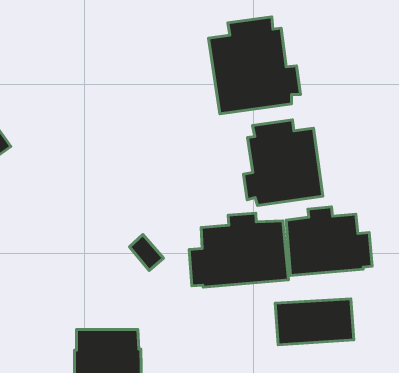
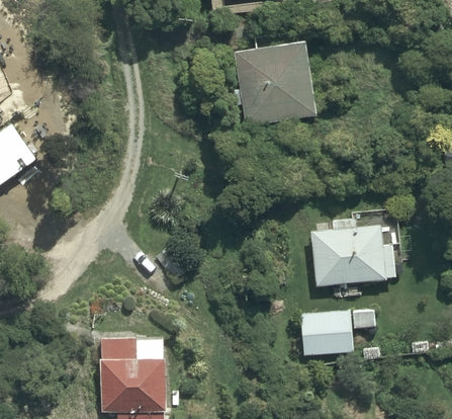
building: [244,120,323,206] -> none
building: [189,213,289,287] -> none

